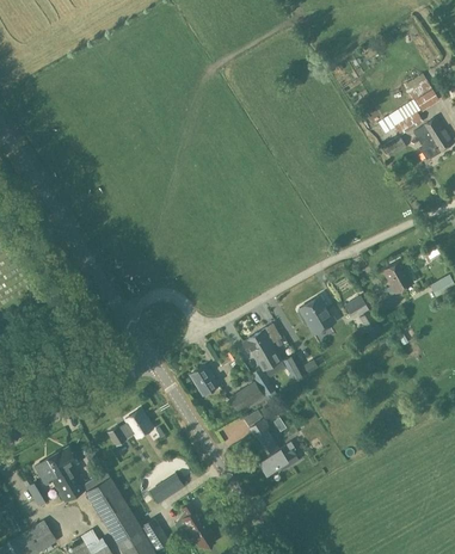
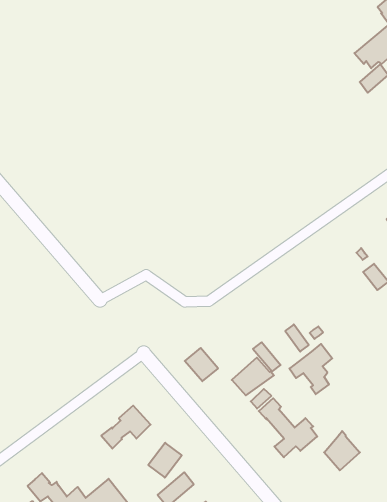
building: [297,296,336,334] -> none
building: [242,325,282,369] -> [289,344,332,394]
building: [49,447,79,482] -> none
building: none -> [324,431,360,470]

